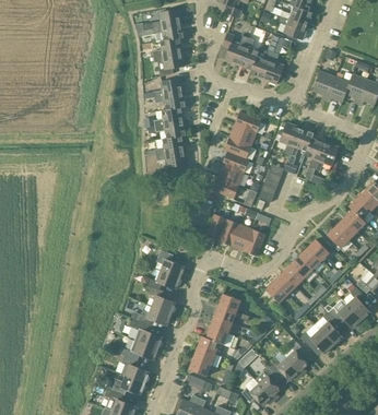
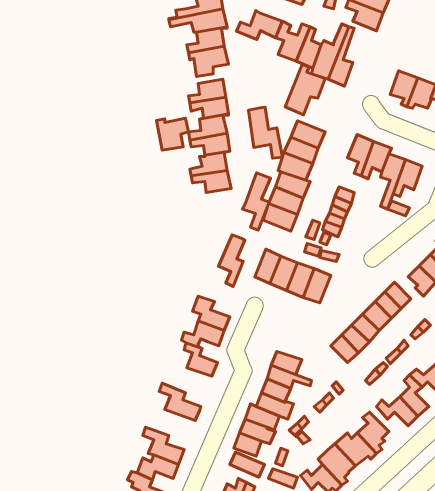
building: none -> [237,11,282,40]
building: none -> [285,64,325,115]
building: none -> [248,107,282,158]
building: none -> [157,118,188,150]
building: none -> [242,173,270,230]
building: none -> [218,235,245,286]
building: [132,307,172,327] -> none
building: [119,340,158,360] -> none

